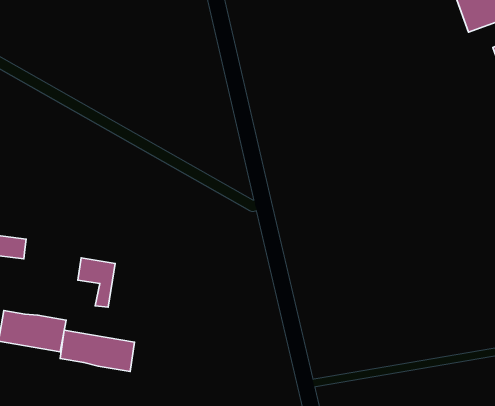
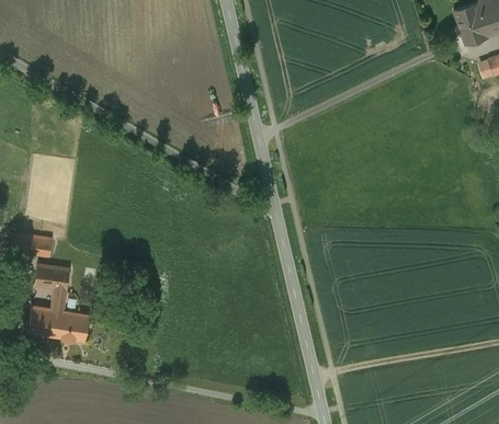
building: [78,258,115,307] -> [34,263,69,309]
building: [60,330,134,371] -> none

